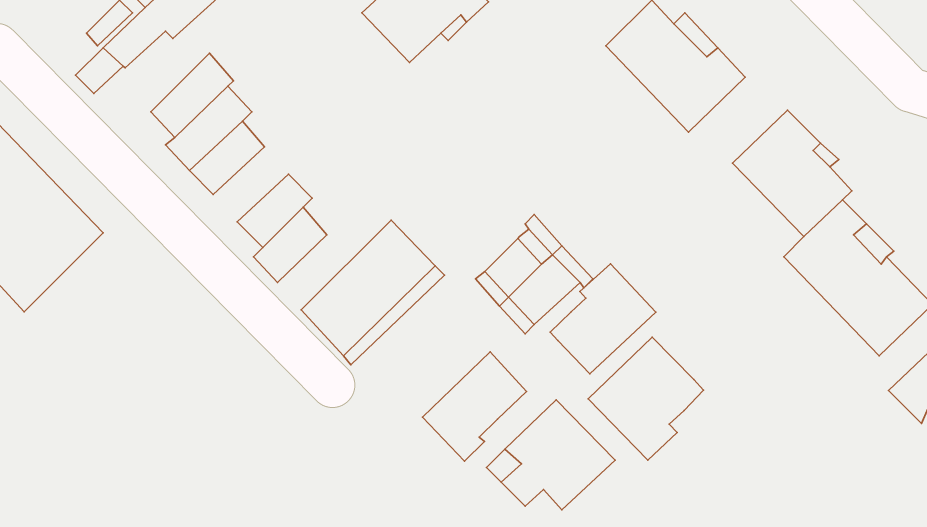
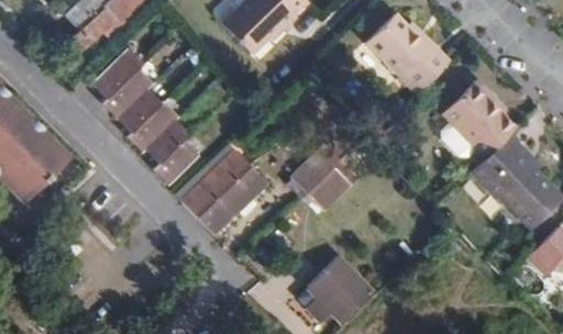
building: none -> [128,100,179,151]
building: [550,264,656,374] -> none
building: [588,337,704,460] -> none
building: [423,352,527,461] -> none

